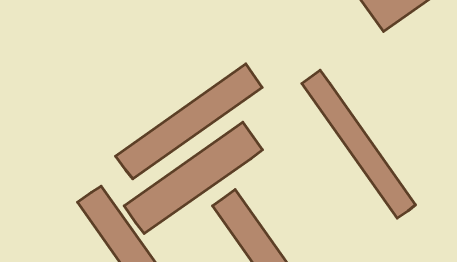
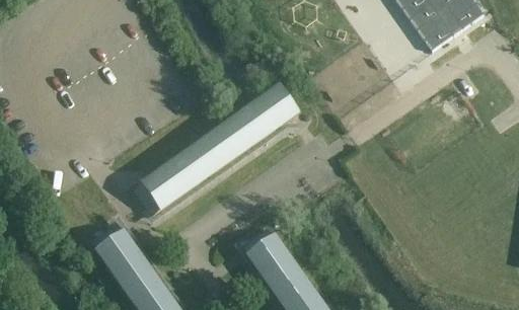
building: [302,70,416,218] -> none
building: [124,122,263,234] -> none

